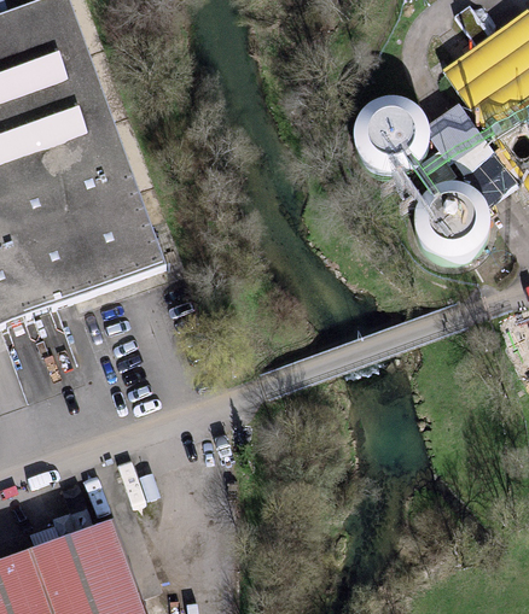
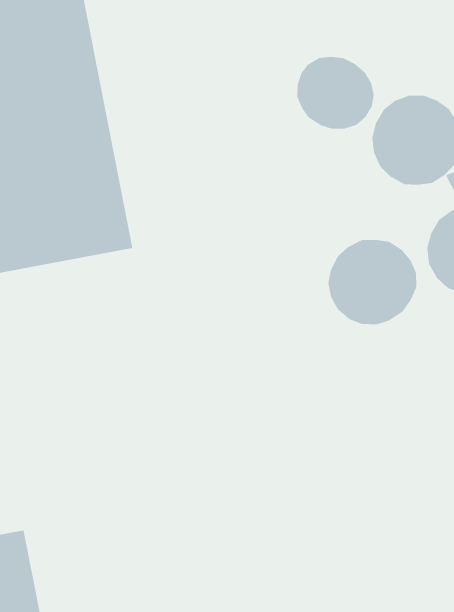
building: none -> [297,56,374,129]
building: none -> [328,239,417,325]

